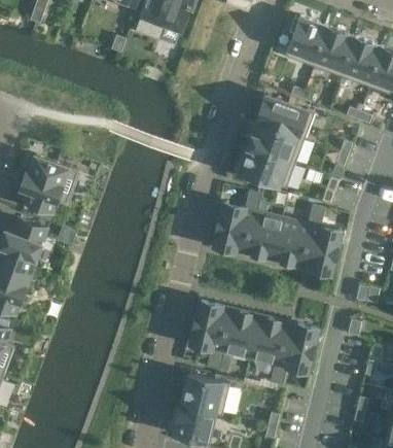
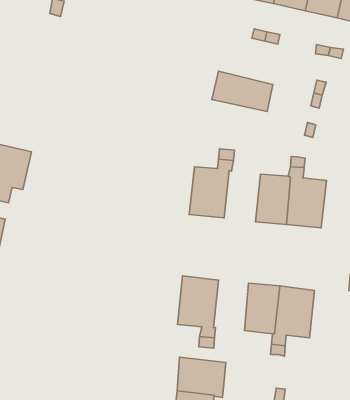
building: [256,96,314,139] -> none
building: [238,145,295,188] -> none
building: [244,211,282,261] -> none
building: [221,309,258,357] -> none

